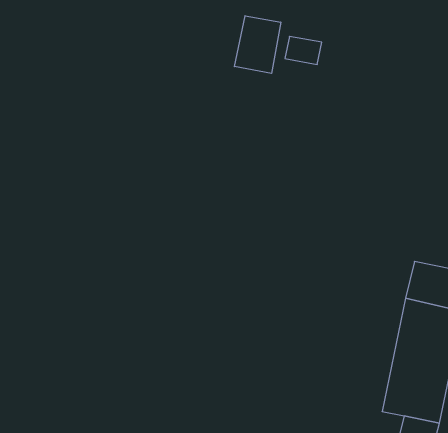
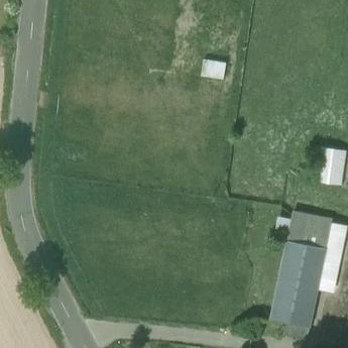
building: [234,16,281,73] -> none

